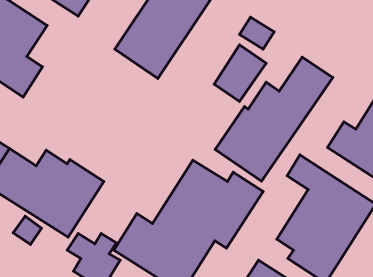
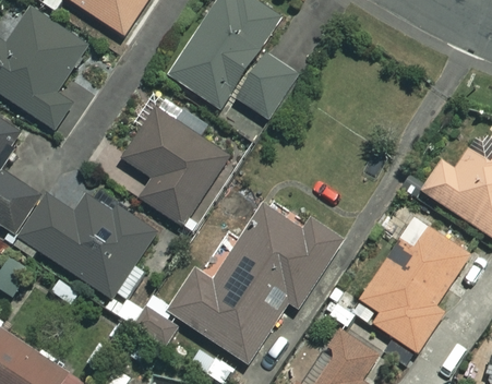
building: [214,45,266,102] -> [236,52,298,120]
building: [215,57,333,181] -> none
building: none -> [121,107,230,228]

